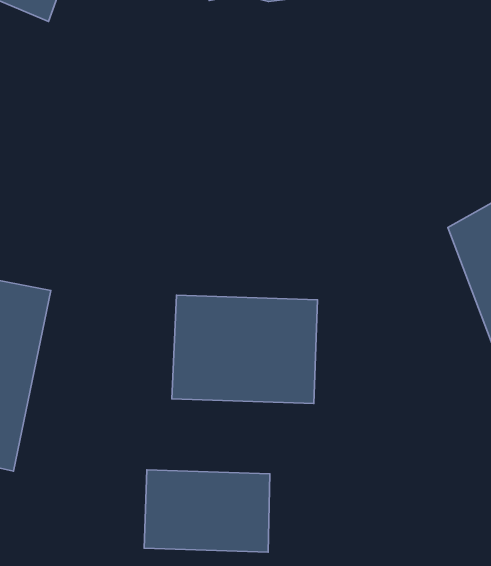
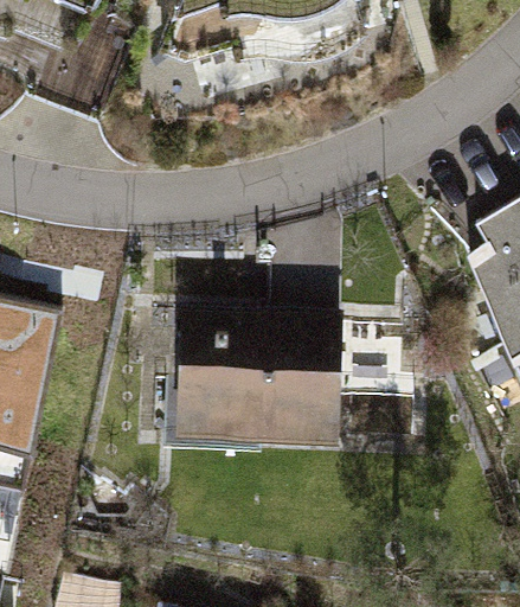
building: [144,470,270,552] -> none

